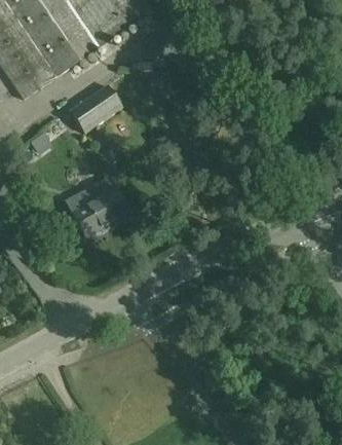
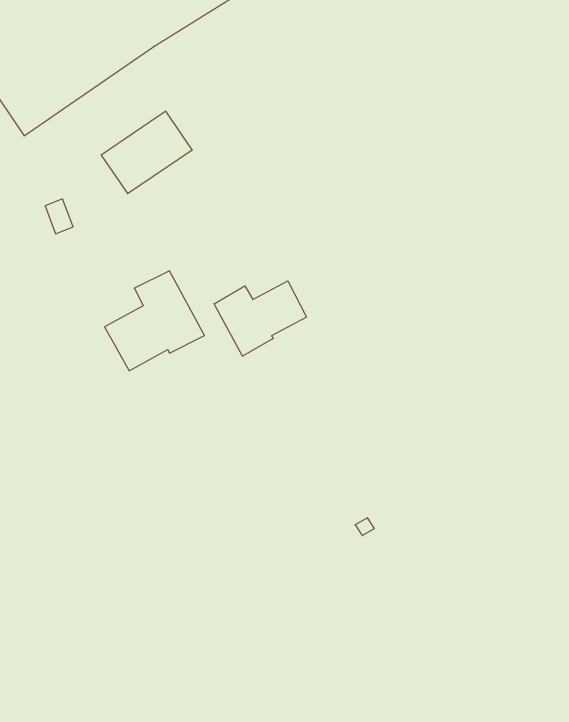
building: none -> [214,281,306,356]

